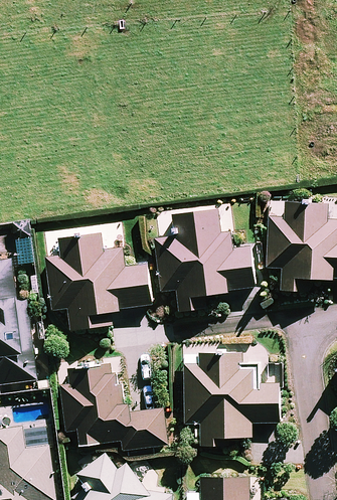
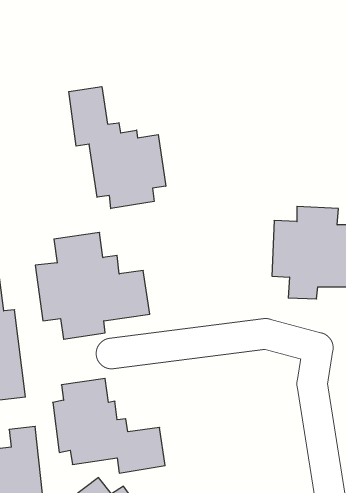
building: none -> [69,87,166,209]
building: [156,210,257,309] -> none
building: [185,355,279,447] -> none

